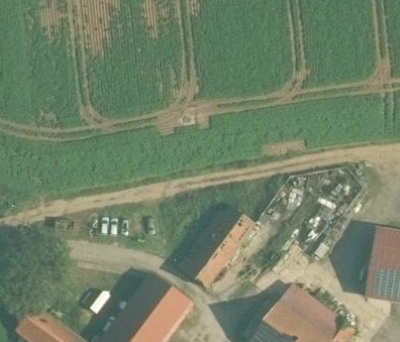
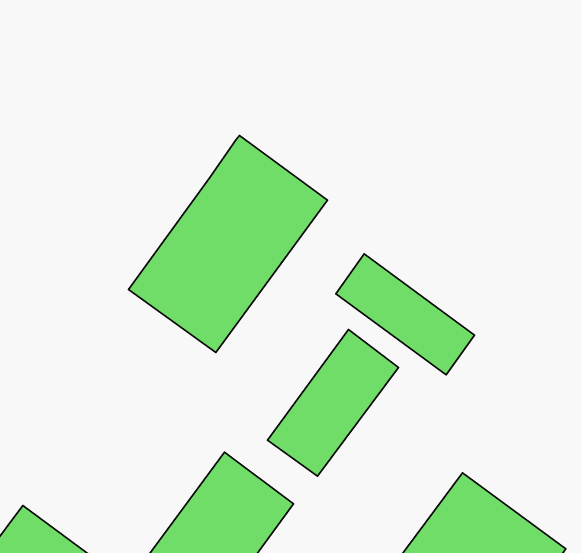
building: none -> [129,136,328,352]
building: none -> [336,254,474,375]

